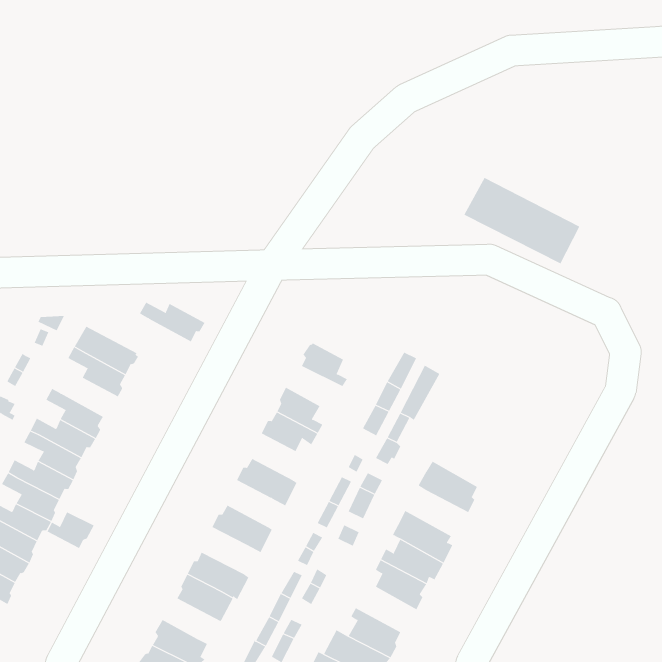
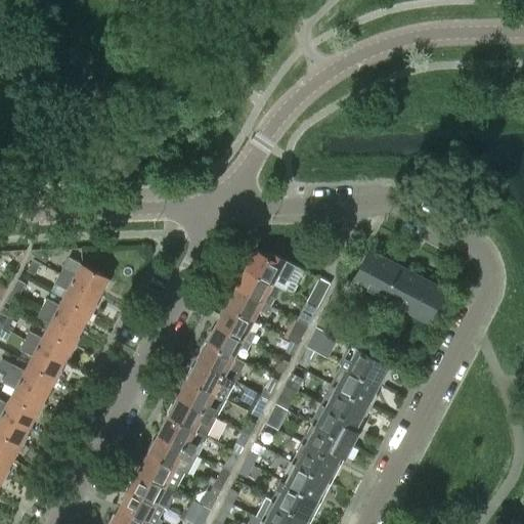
building: [463,177,580,264] -> [352,252,444,320]
building: [139,302,205,342] -> [41,298,93,330]
building: none -> [247,253,295,292]
building: none -> [225,290,270,321]
building: none -> [199,343,245,382]
building: none -> [341,348,388,385]
building: none -> [179,380,225,419]
building: none -> [319,384,369,424]
building: [47,512,95,549] -> none
building: none -> [159,417,207,456]
building: none -> [280,461,329,499]
building: none -> [128,473,176,505]

